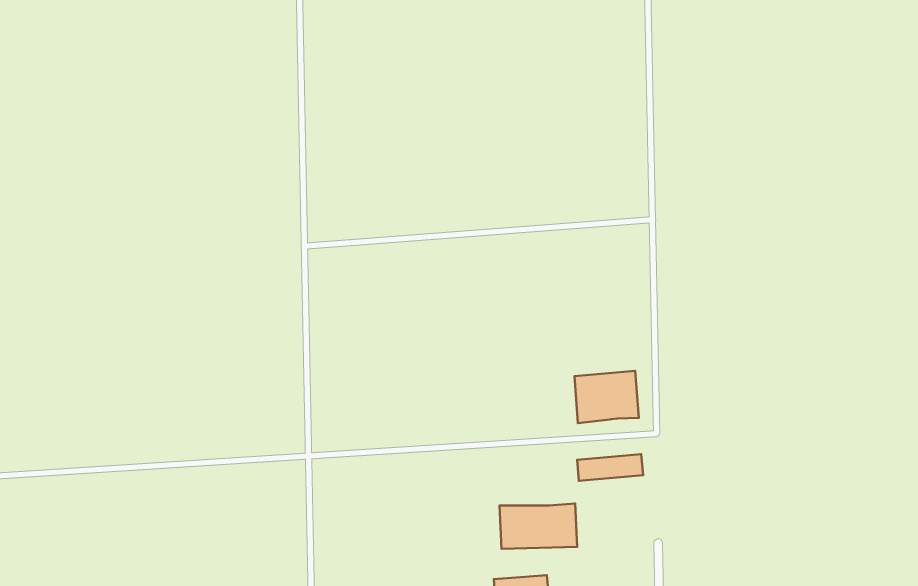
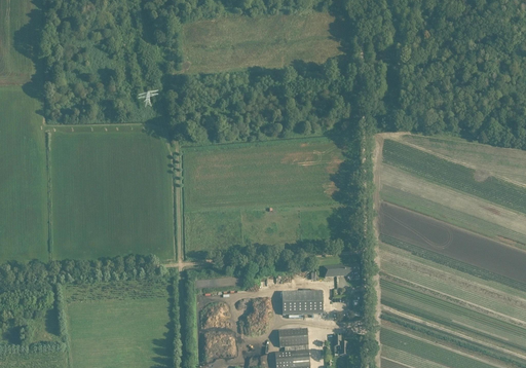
building: [574,371,639,423] -> none

